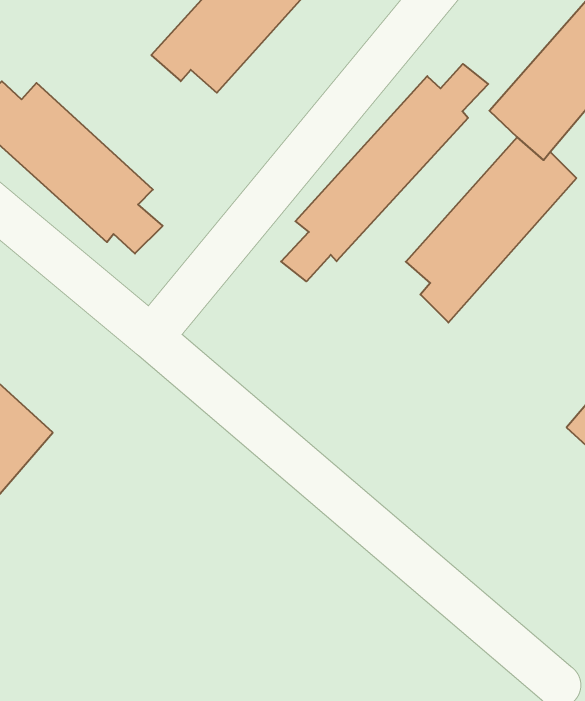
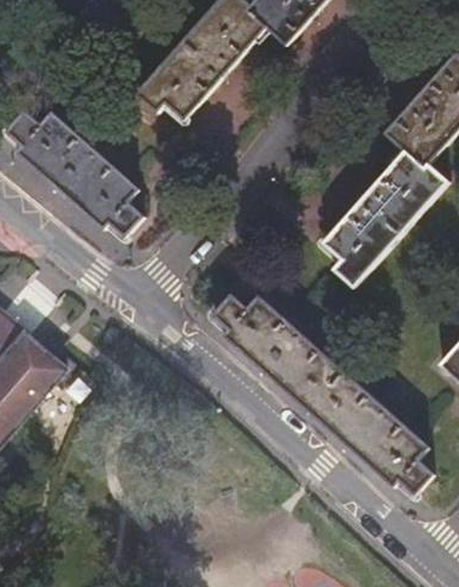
building: [281,64,488,281] -> none
building: none -> [213,294,435,494]

